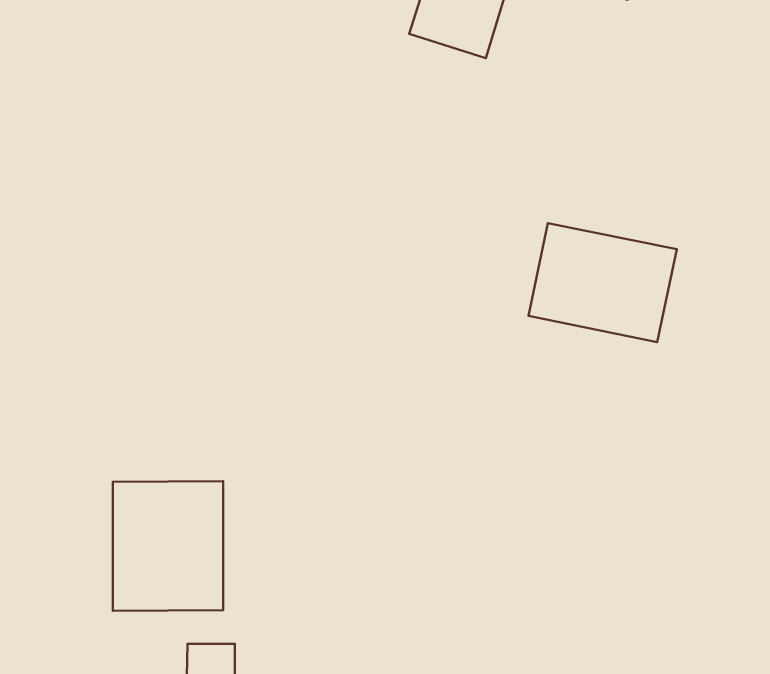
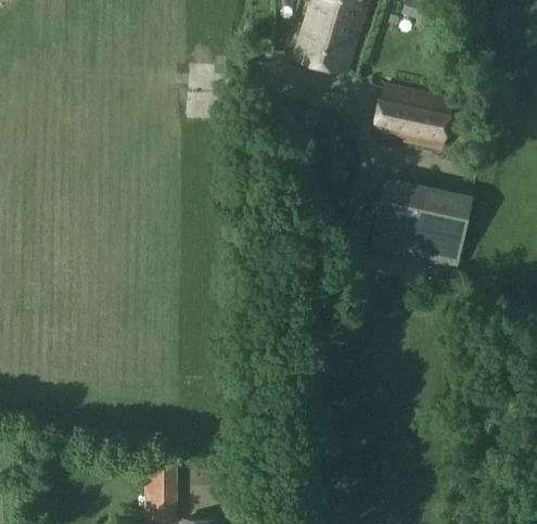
building: none -> [371,79,455,151]
building: [113,481,223,611] -> none

